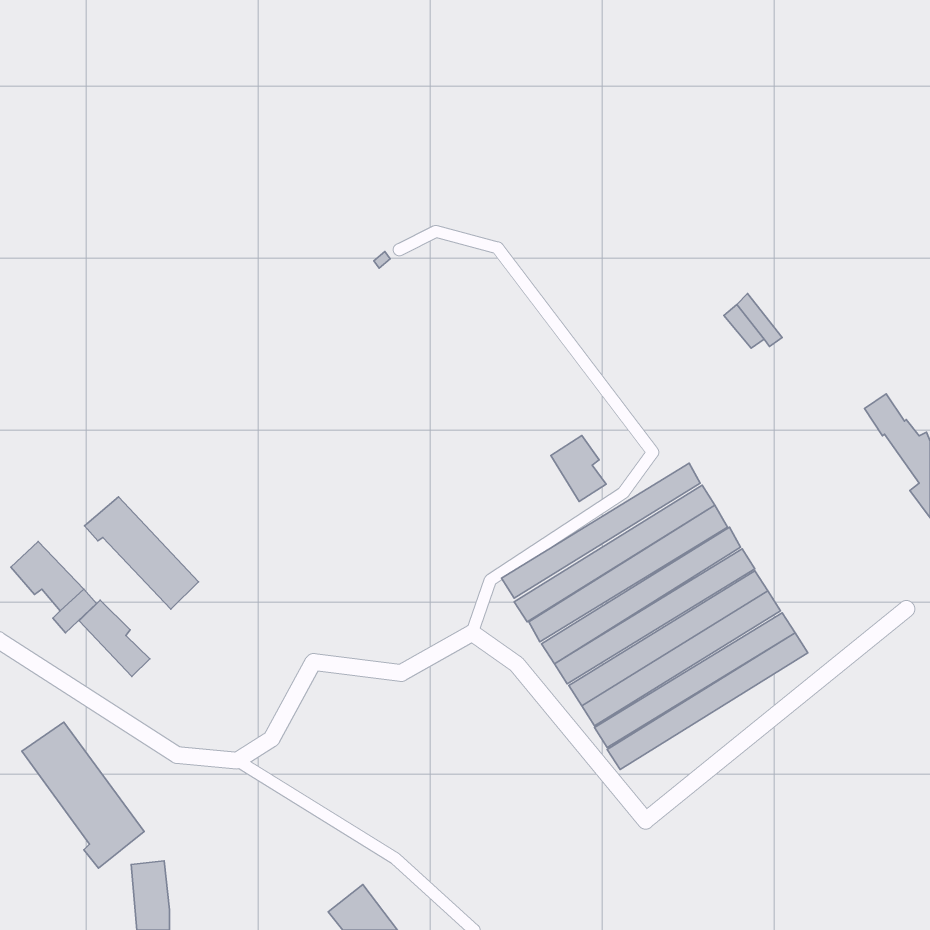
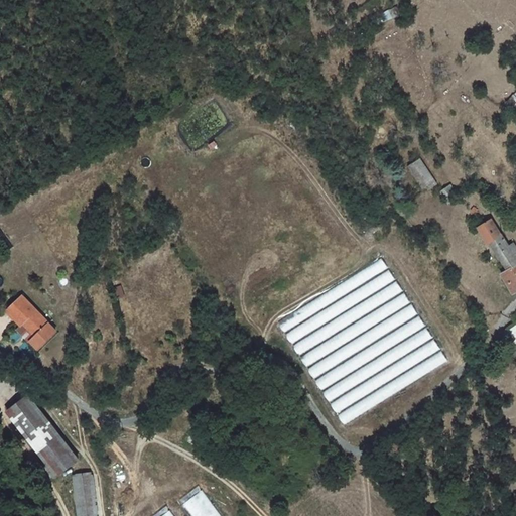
building: [551,435,606,501] -> none
building: [85,497,198,609] -> none
building: [79,600,150,677] -> none

